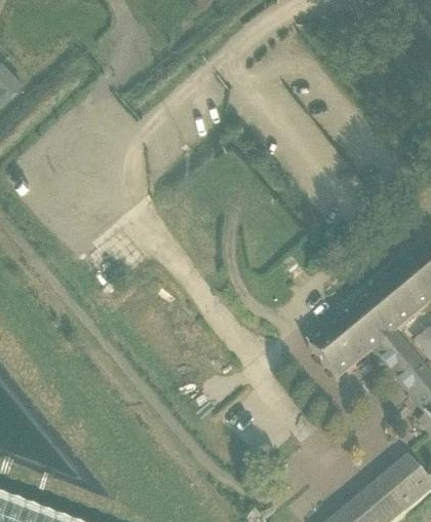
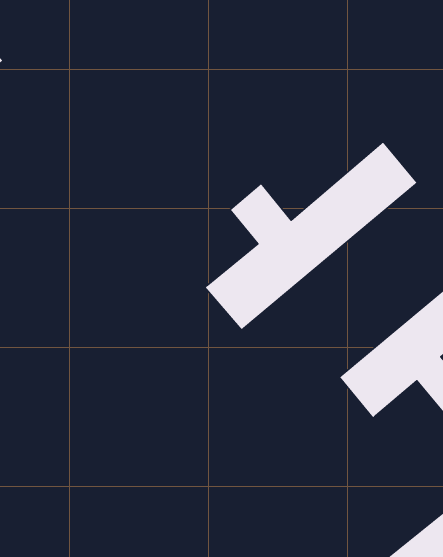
building: none -> [205,141,418,330]

